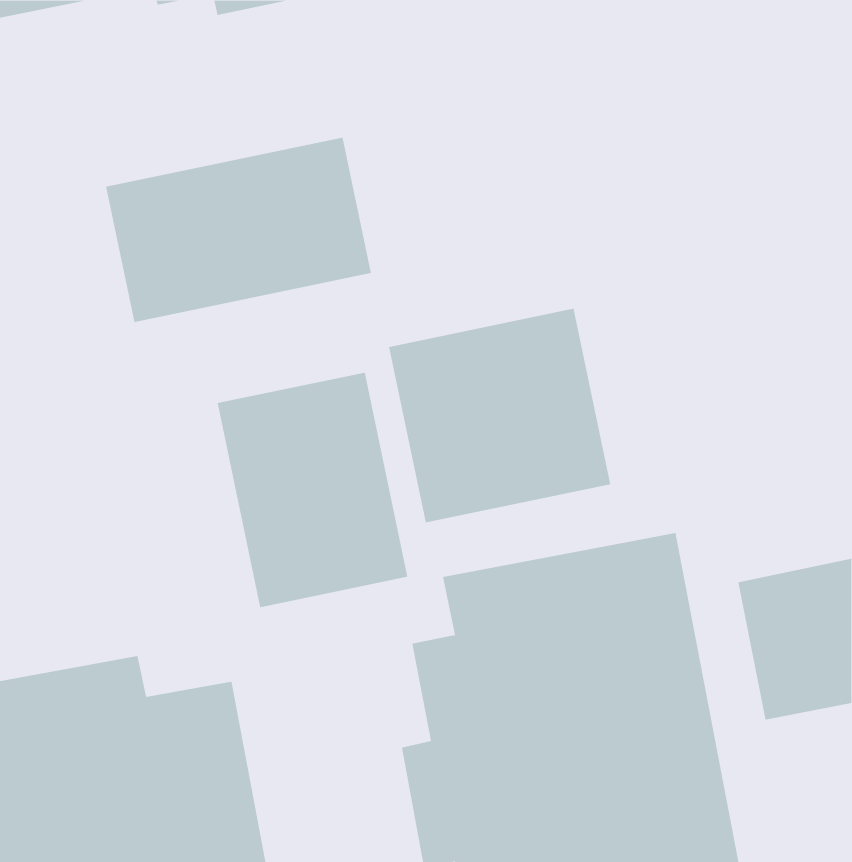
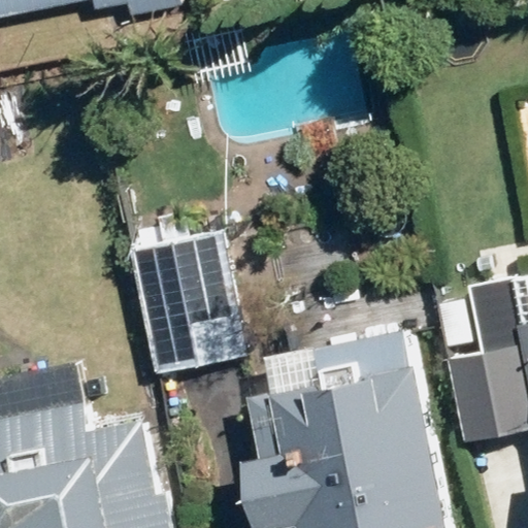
building: [105,137,371,323] -> none
building: [389,308,611,523] -> none

